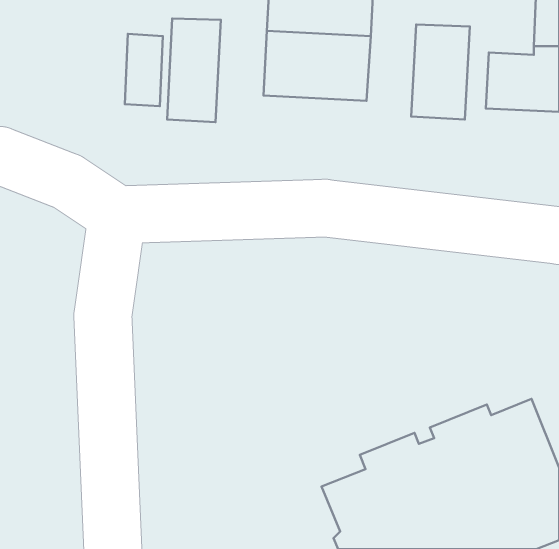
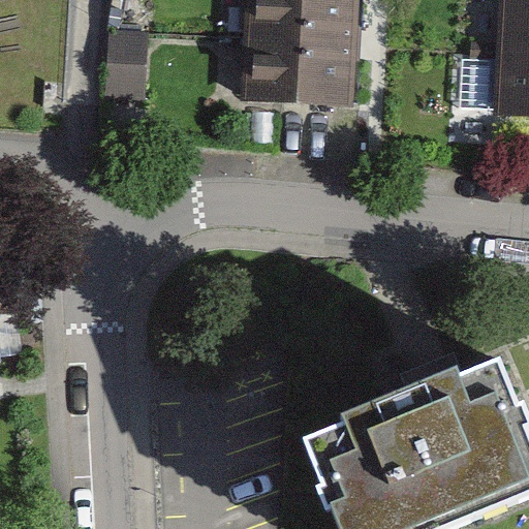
building: [167,18,221,122] -> none
building: [411,25,470,119] -> none

